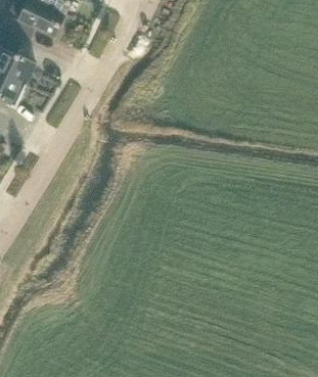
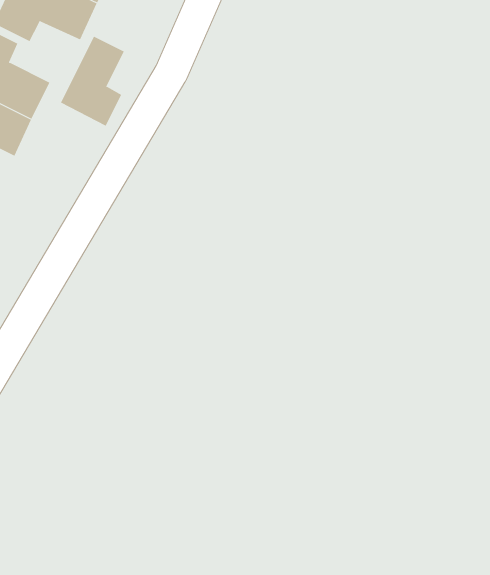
building: none -> [60,36,125,126]

